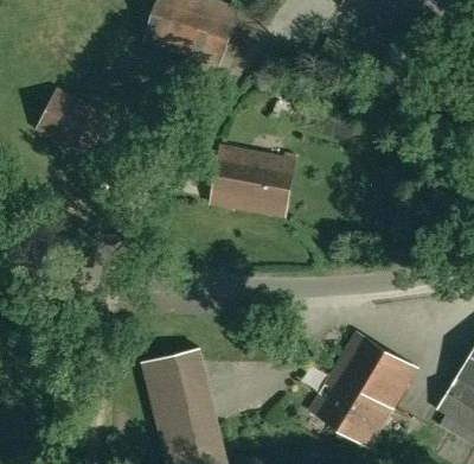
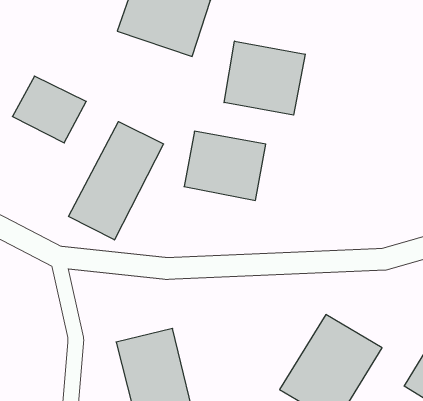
building: none -> [224,41,305,115]
building: none -> [69,122,164,240]

